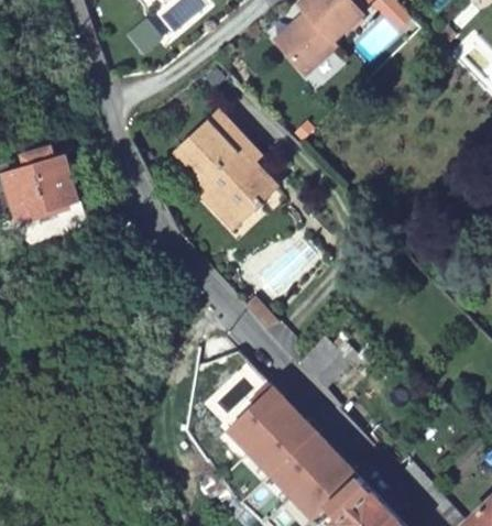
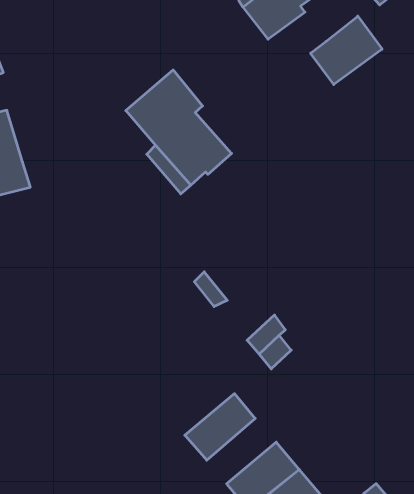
building: none -> [311,16,382,85]
building: [226,385,292,450] -> none
building: [270,430,334,493] -> none

